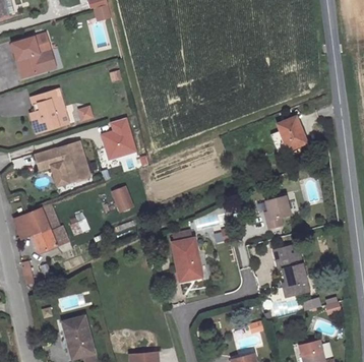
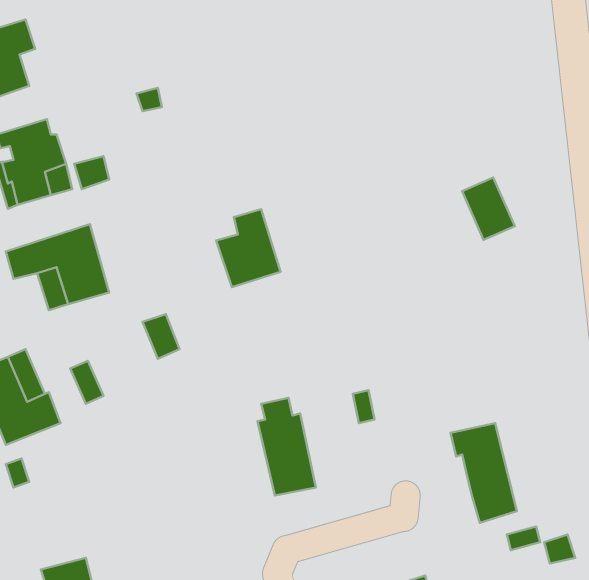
building: [104,119,137,160] -> [216,209,281,287]
building: [264,196,290,230] -> none

